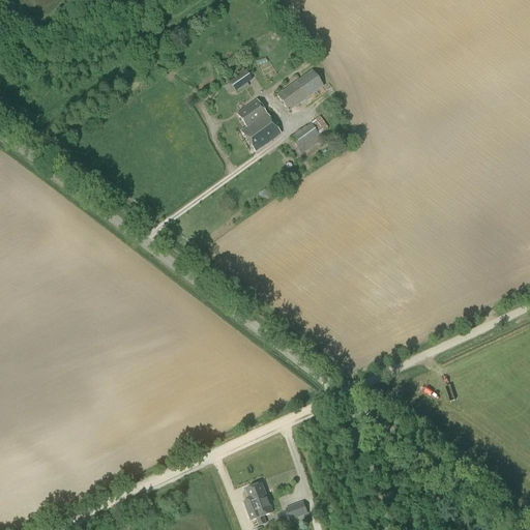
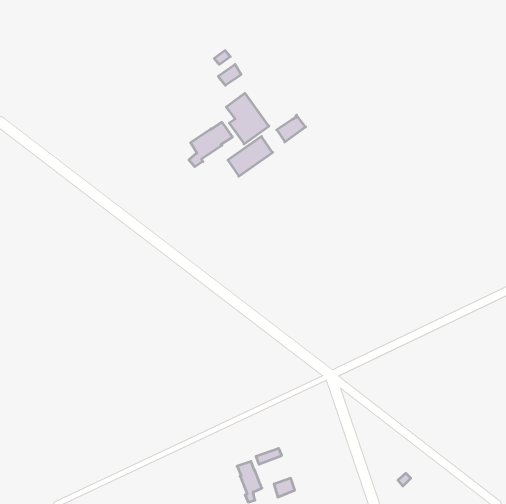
building: [277,68,324,110] -> [228,136,273,176]
building: none -> [189,122,232,167]

